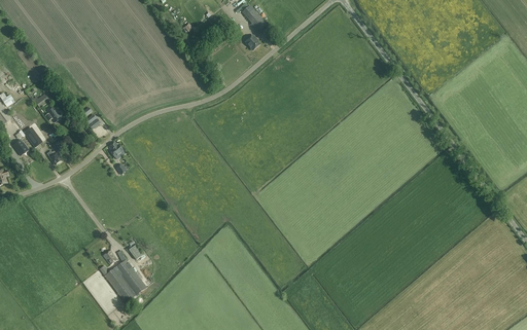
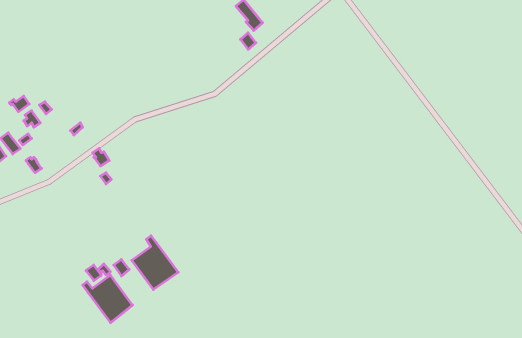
building: none -> [132,236,178,290]

